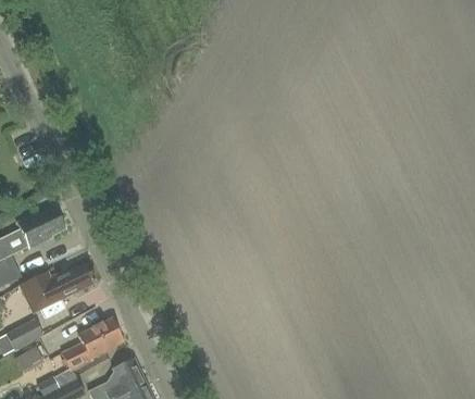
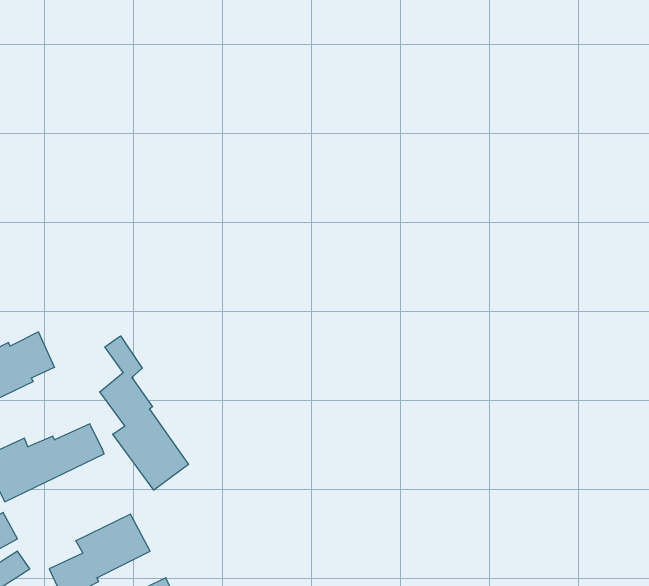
building: none -> [100,336,189,490]

